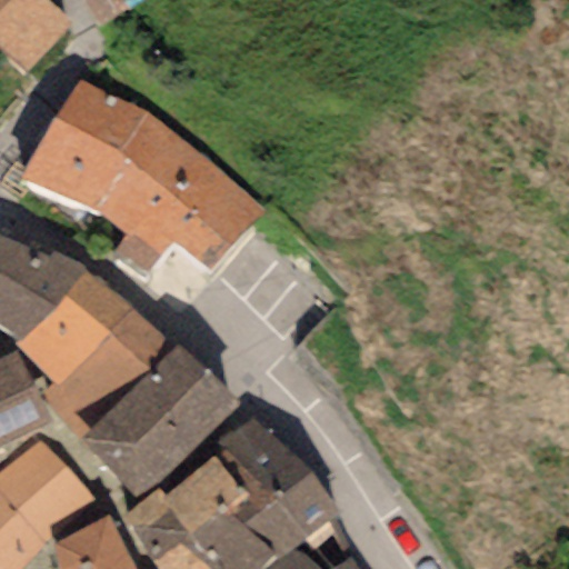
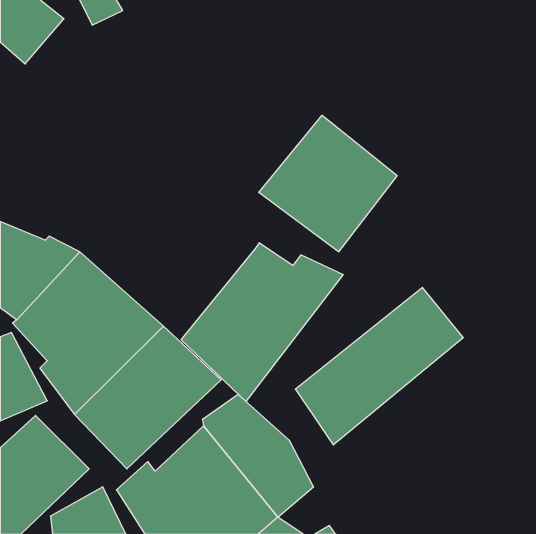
building: [19,79,262,271] -> none
building: none -> [259,115,397,252]
building: none -> [181,243,343,401]
building: none -> [295,287,463,445]

